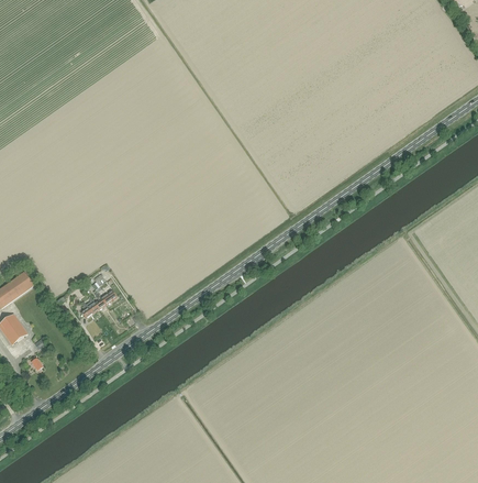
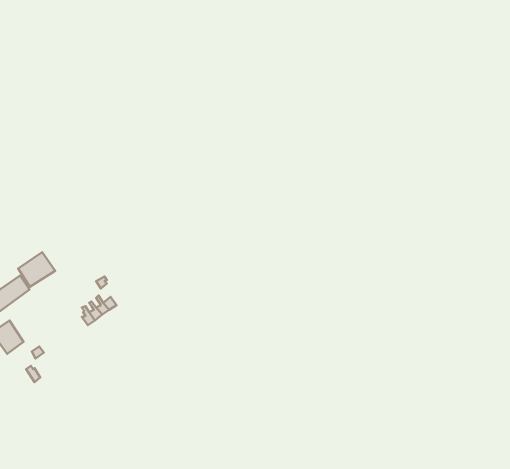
building: none -> [18,252,55,287]

